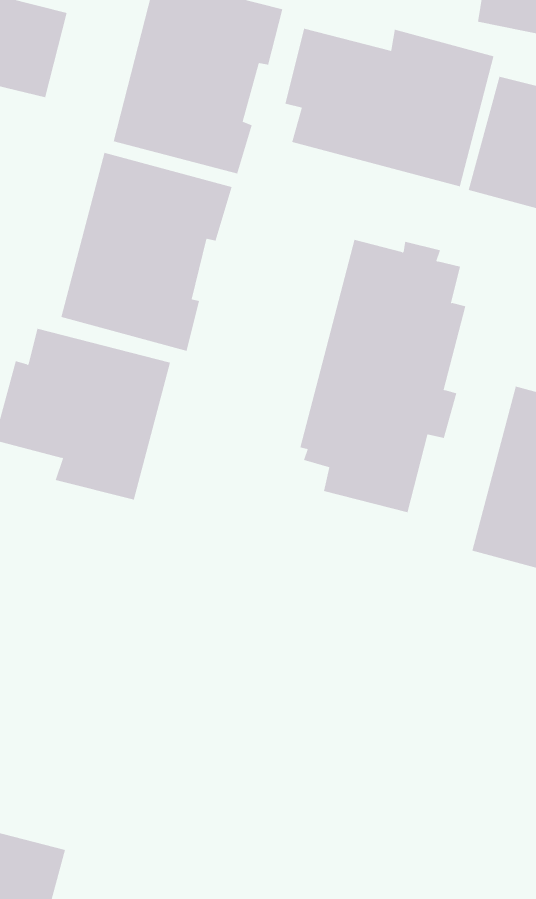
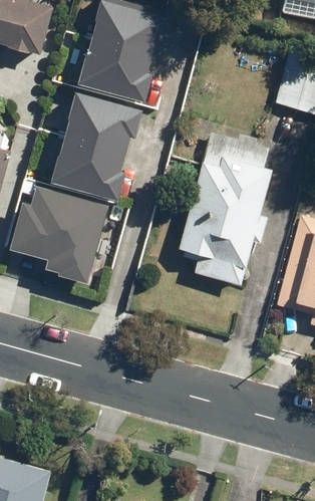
building: [285,28,494,187] -> none

